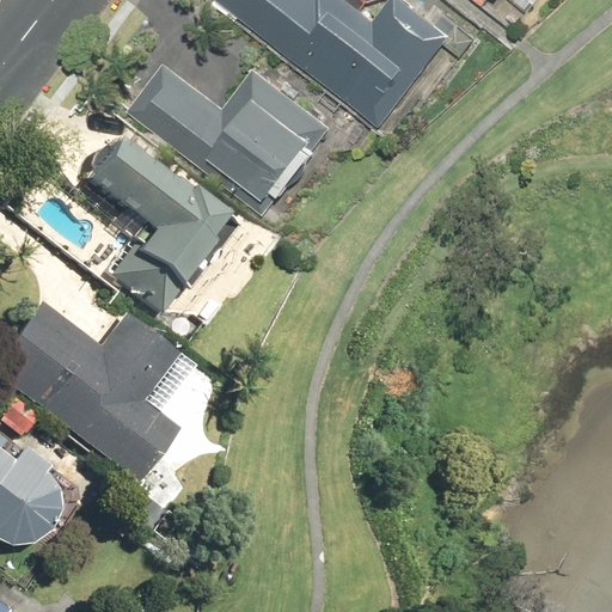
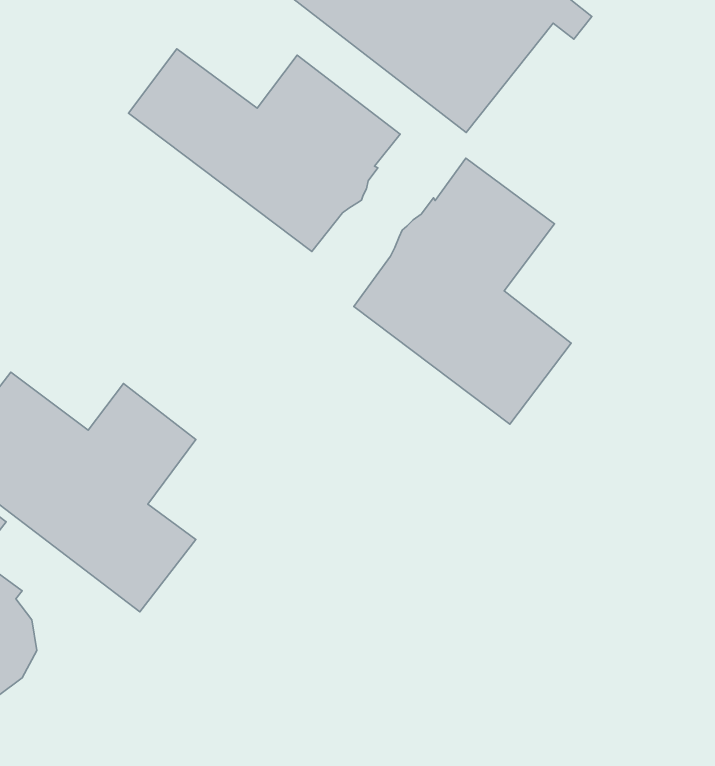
building: [87,135,235,313] -> none
building: none -> [354,158,571,424]

